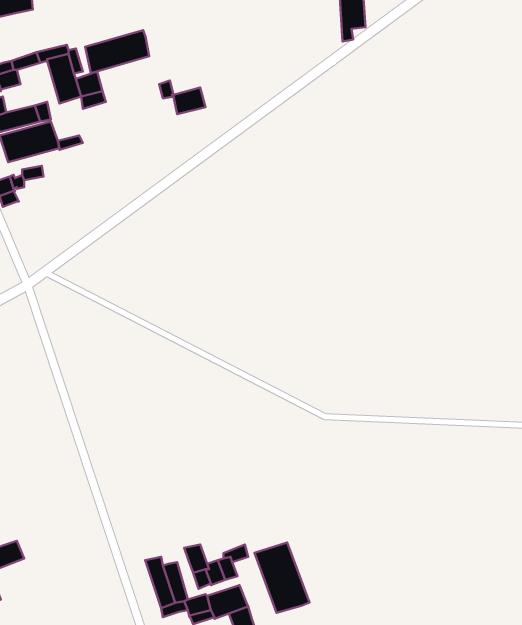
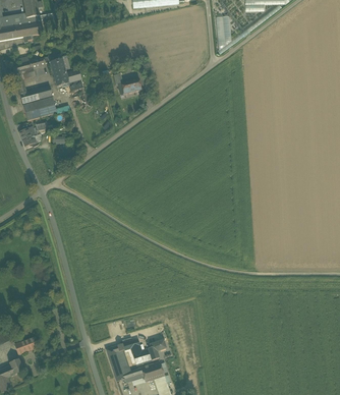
building: [85,30,149,73] -> none
building: [254,543,309,613] -> none

